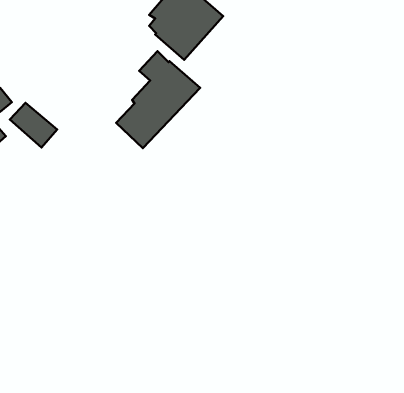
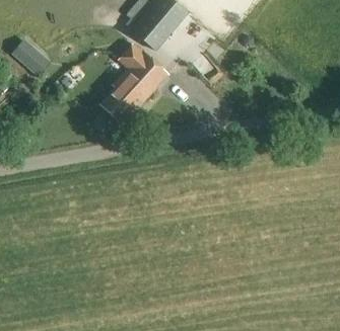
building: [10,103,57,148] -> [12,39,52,77]

